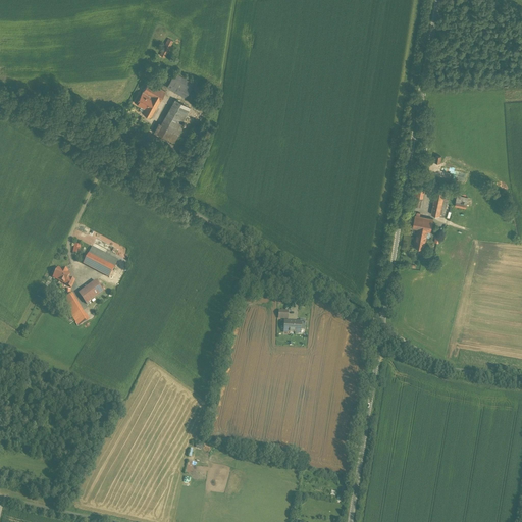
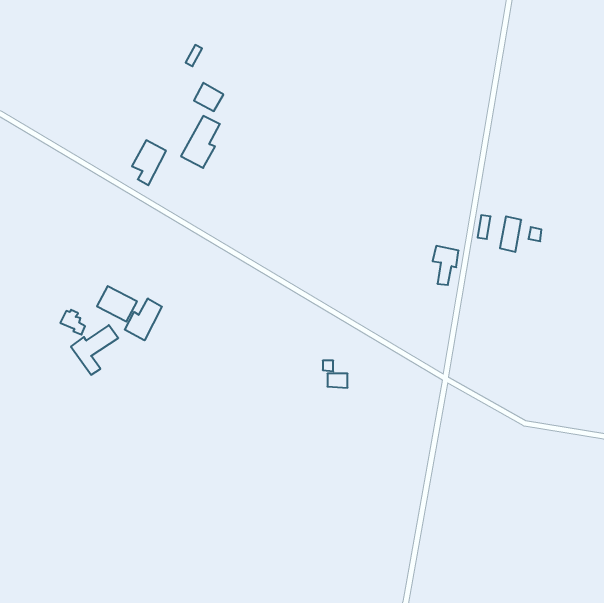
building: [136,81,165,119] -> [132,140,166,185]
building: [412,214,434,248] -> [433,246,459,285]
building: none -> [125,298,162,340]

